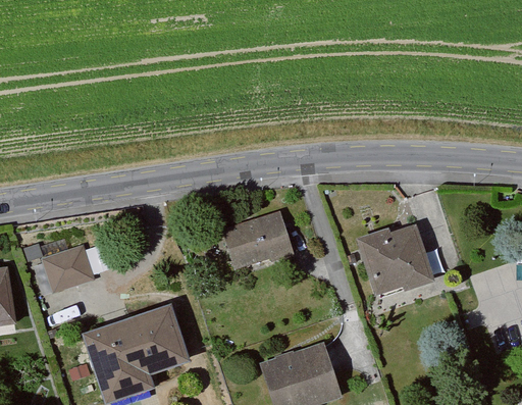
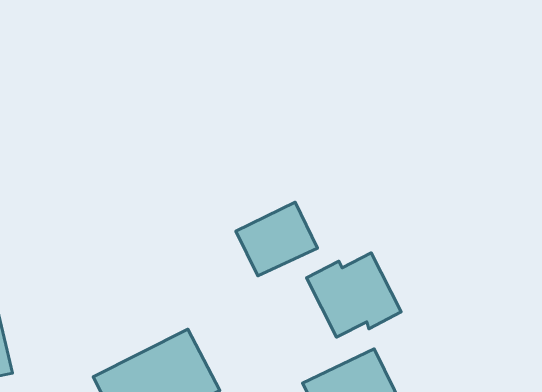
building: [358,223,434,291] -> [306,253,401,337]
building: [42,243,93,287] -> none

